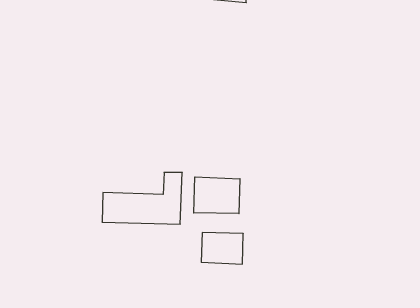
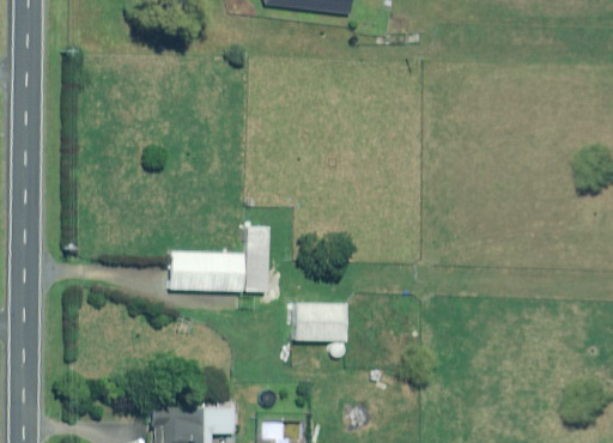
building: [194,177,240,214] -> none

